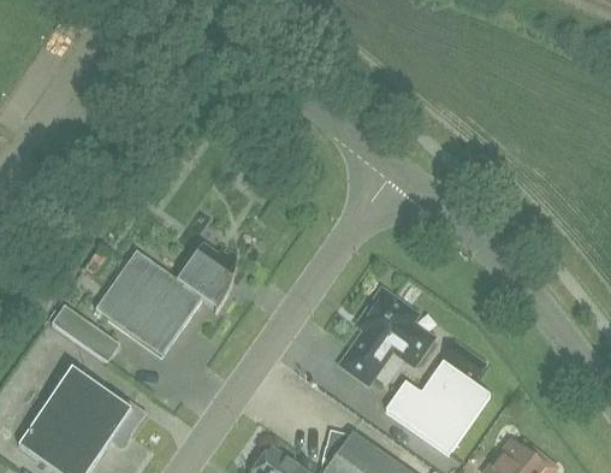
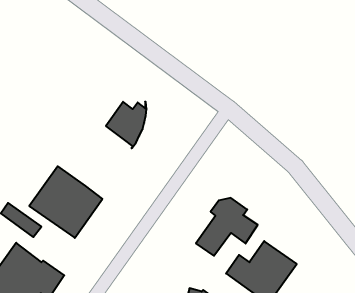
building: [177,243,237,312] -> [106,102,147,148]

